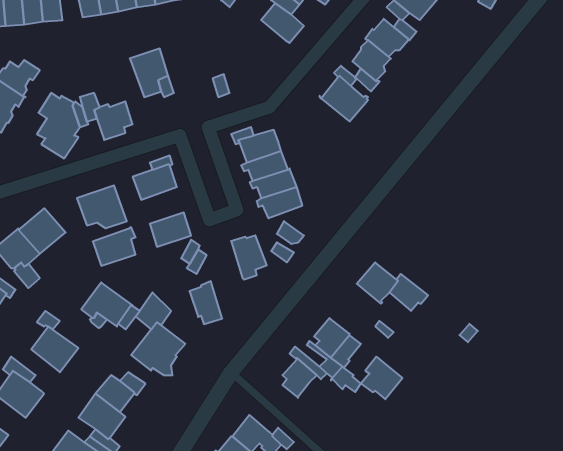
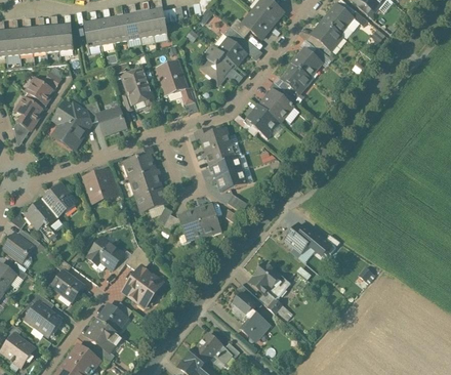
building: none -> [200,44,234,78]
building: none -> [158,60,186,92]
building: none -> [245,103,280,137]
building: [93,227,136,266] -> [130,167,161,195]
building: [189,281,222,324] -> [179,207,203,238]
building: [361,357,402,399] -> [240,308,270,339]

